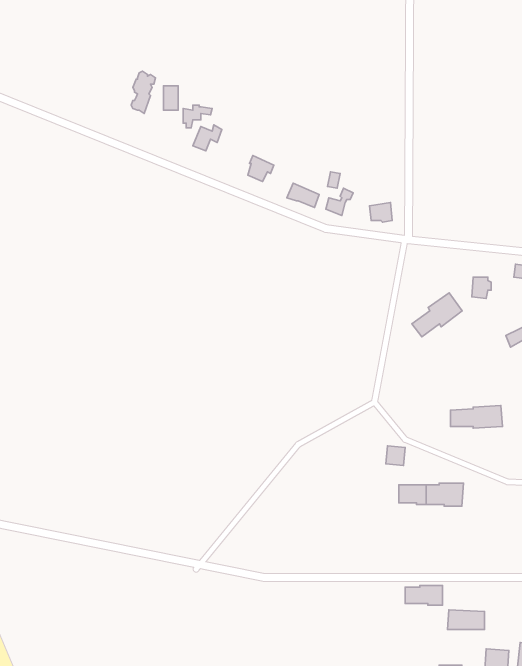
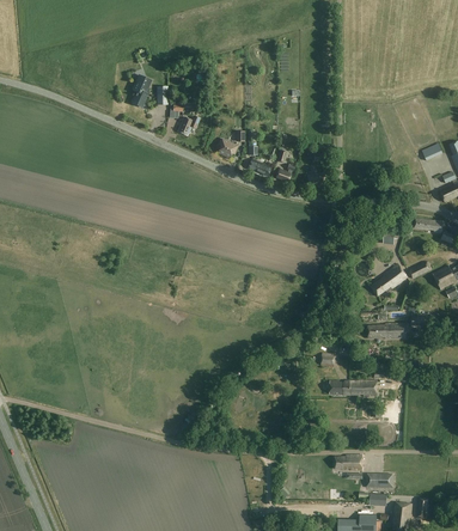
building: [412,293,462,337] -> [371,263,408,295]

